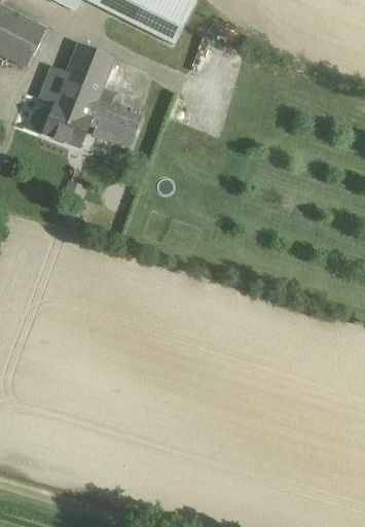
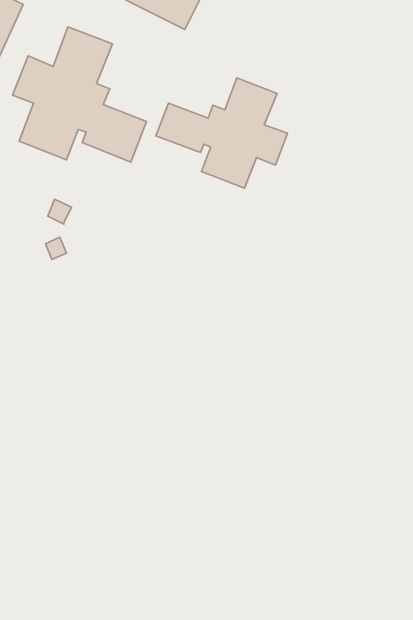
building: none -> [156,78,287,188]

